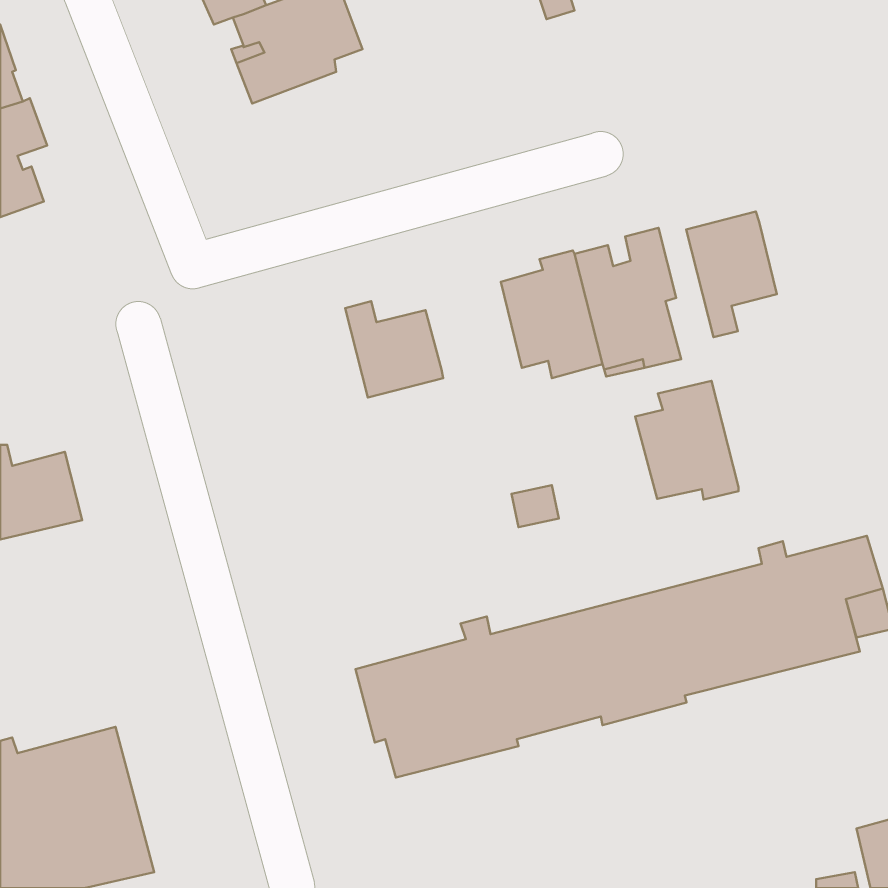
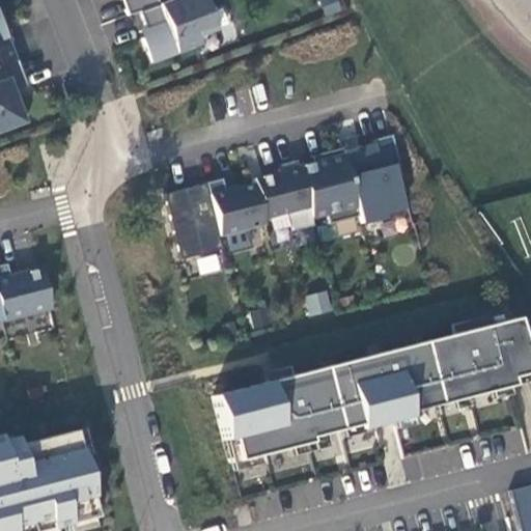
building: [686,212,777,337] -> none
building: none -> [255,161,315,230]
building: none -> [166,183,225,260]
building: [635,381,739,500] -> none

